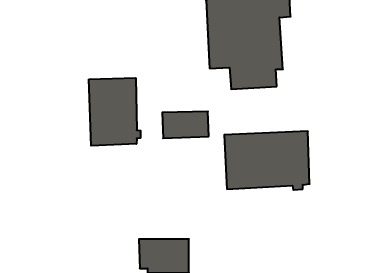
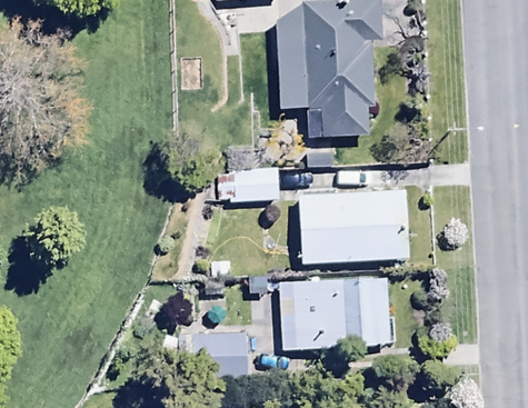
building: [89,78,141,146] -> none
building: none -> [280,276,391,351]

